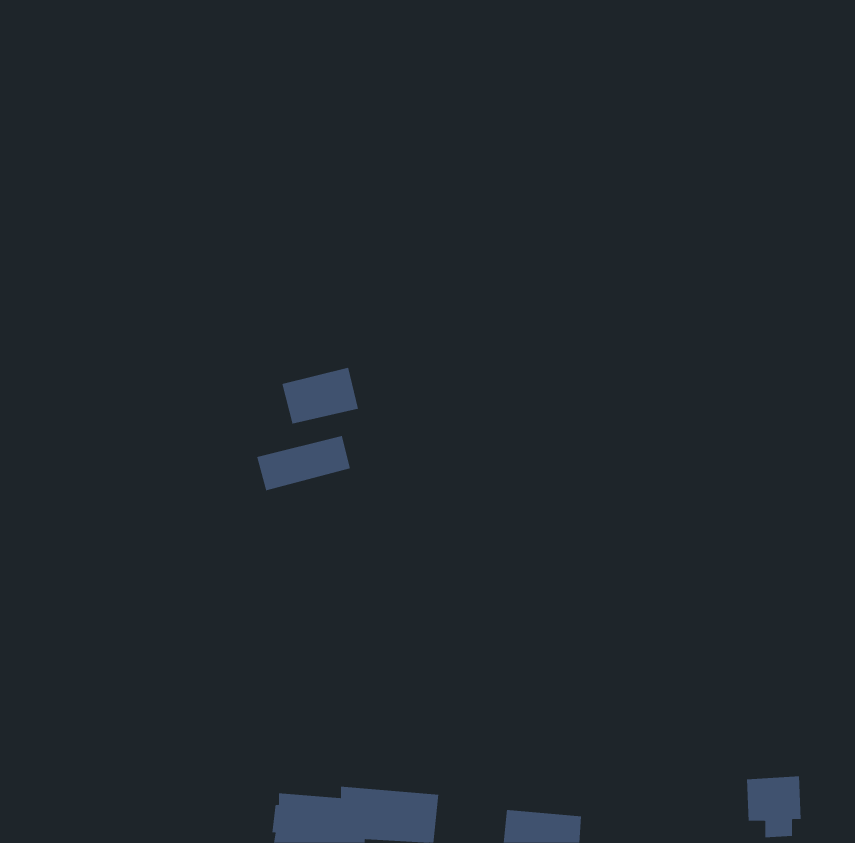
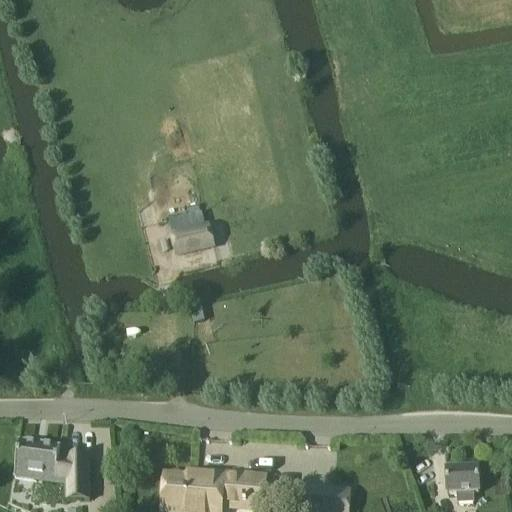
building: [257,435,350,491] -> none
building: none -> [14,439,89,497]

